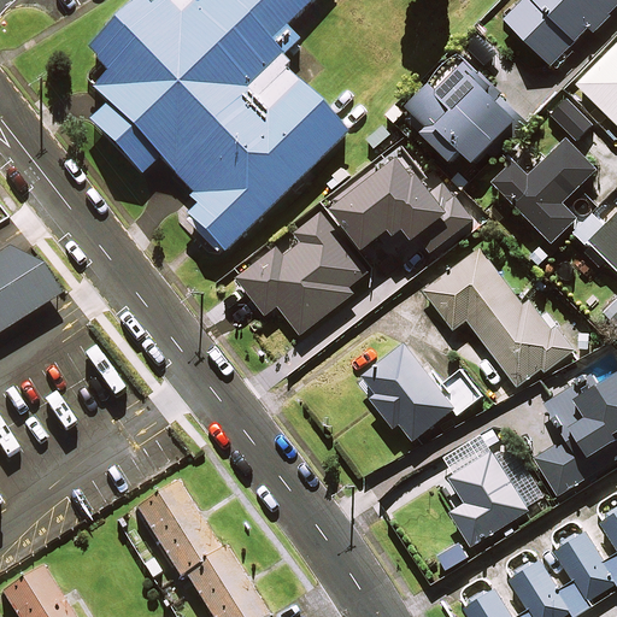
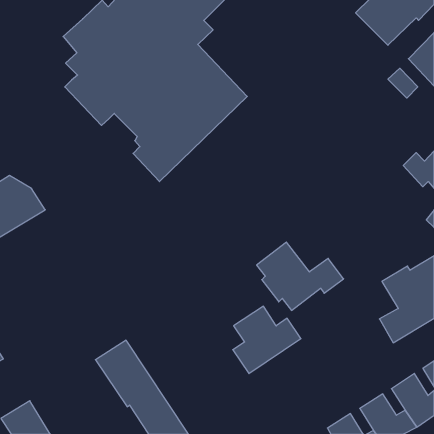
building: [406,54,524,165] -> none
building: [492,139,595,241] -> none
building: [330,158,466,253] -> none
building: [235,211,364,333] -> none
building: [423,247,578,383] -> none
building: [448,449,545,545] -> [233,306,301,374]

